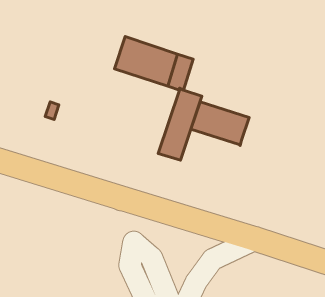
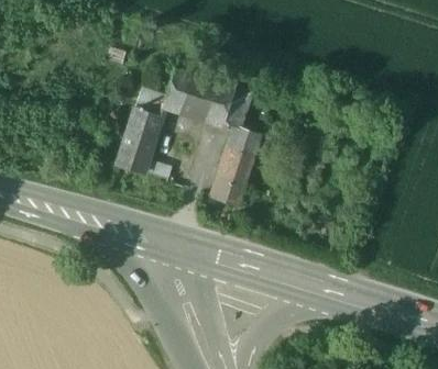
building: none -> [116,110,160,177]
building: [191,102,249,146] -> none

